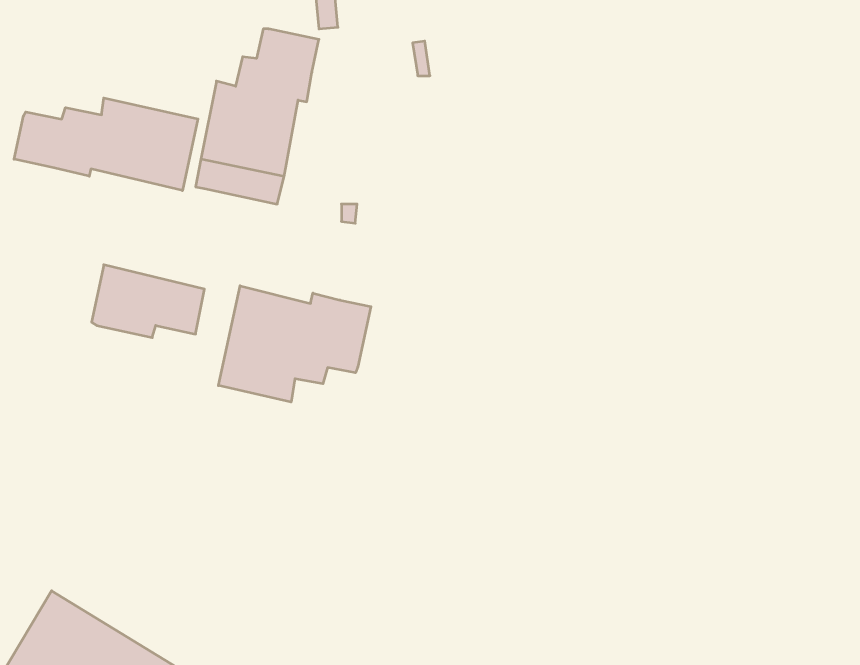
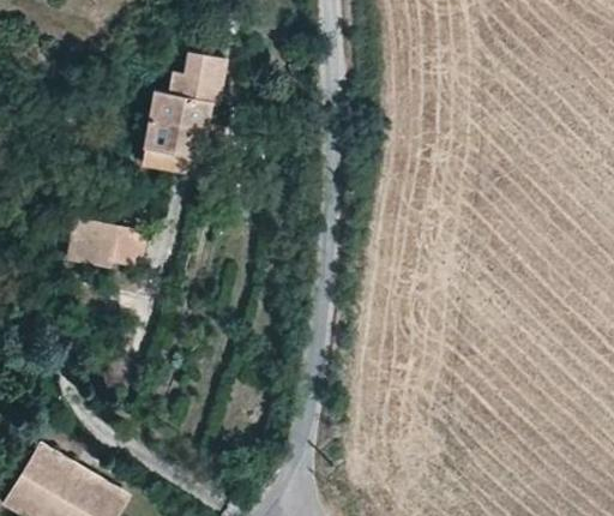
building: [14,98,198,191] -> none
building: [218,286,371,402] -> none

